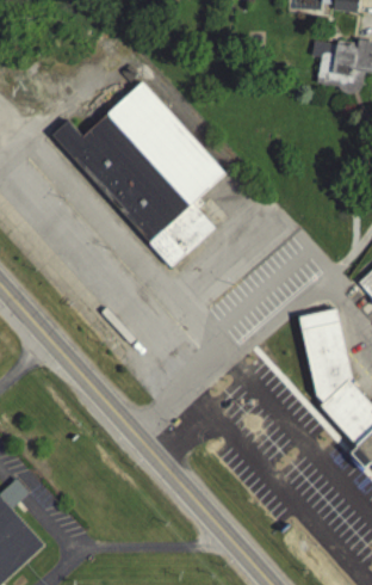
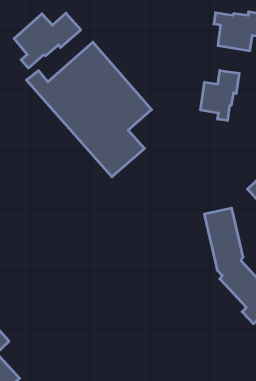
building: none -> [14,13,81,68]
building: none -> [201,70,239,121]

